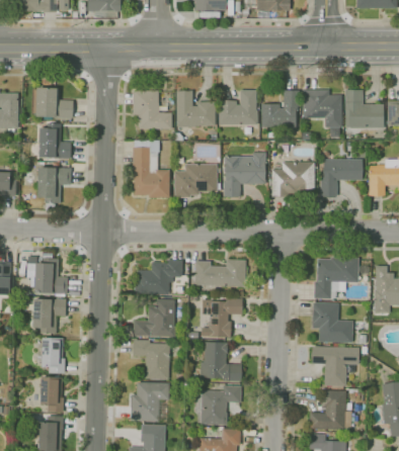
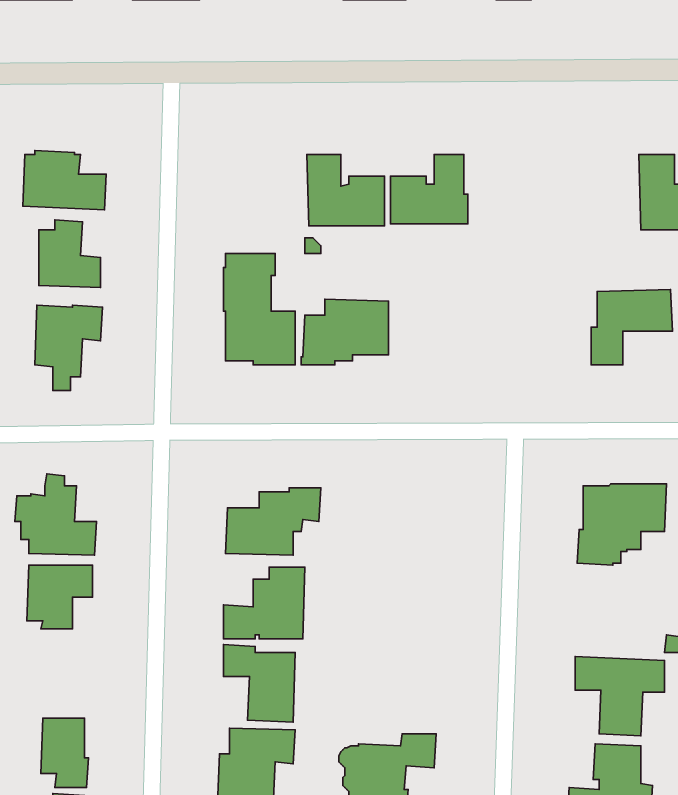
building: [303,90,341,127] -> none
building: [133,91,171,129] -> none
building: [260,91,299,130] -> none
building: [223,152,265,197] -> none
building: [271,162,314,197] -> none
building: [193,260,245,286] -> none
building: [201,298,241,338] -> none
building: [312,302,352,343] -> none
building: [41,338,65,374] -> none
building: [198,342,242,381] -> none

